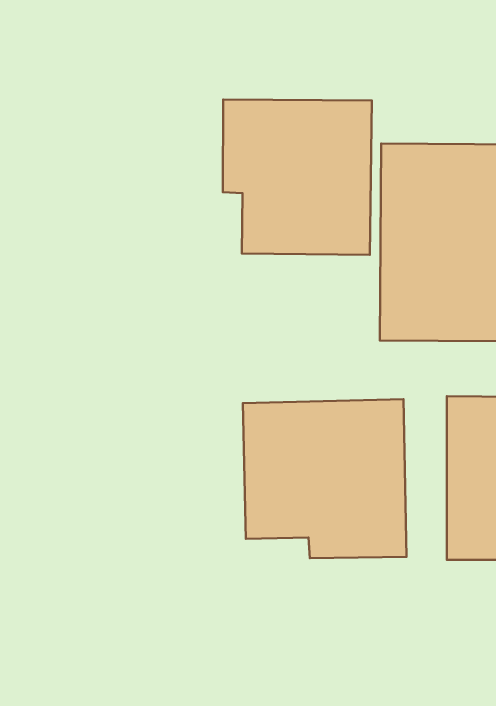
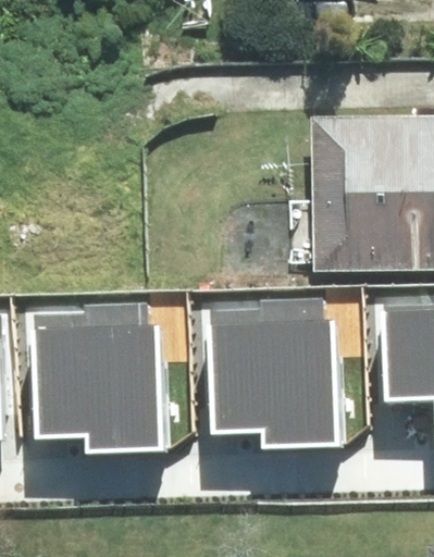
building: [223,100,372,255] -> none
building: none -> [32,318,165,444]

